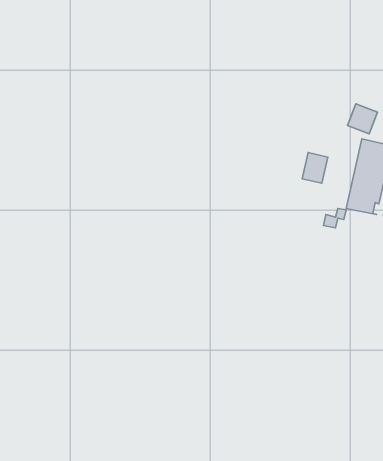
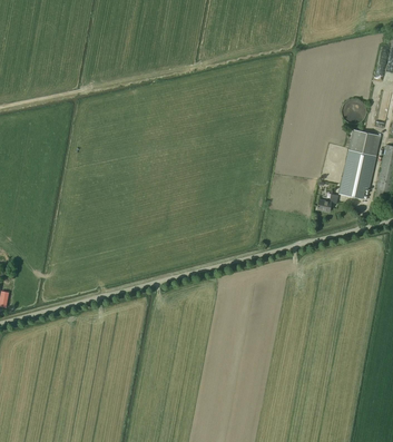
building: [302,153,328,183] -> none

